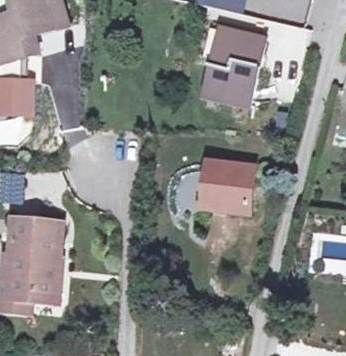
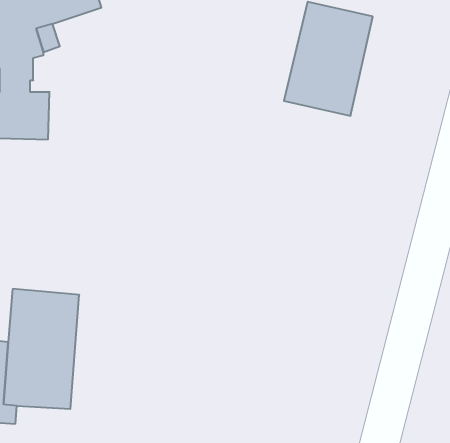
building: [197,157,250,210] -> none

